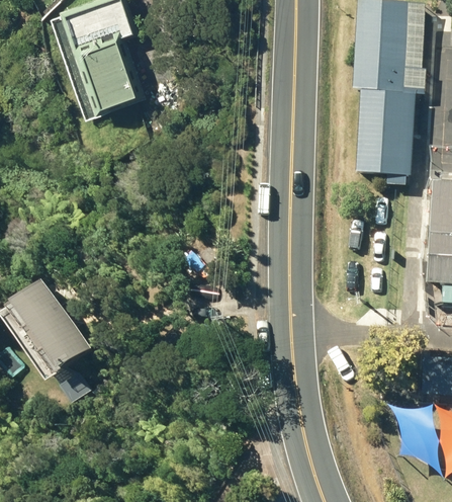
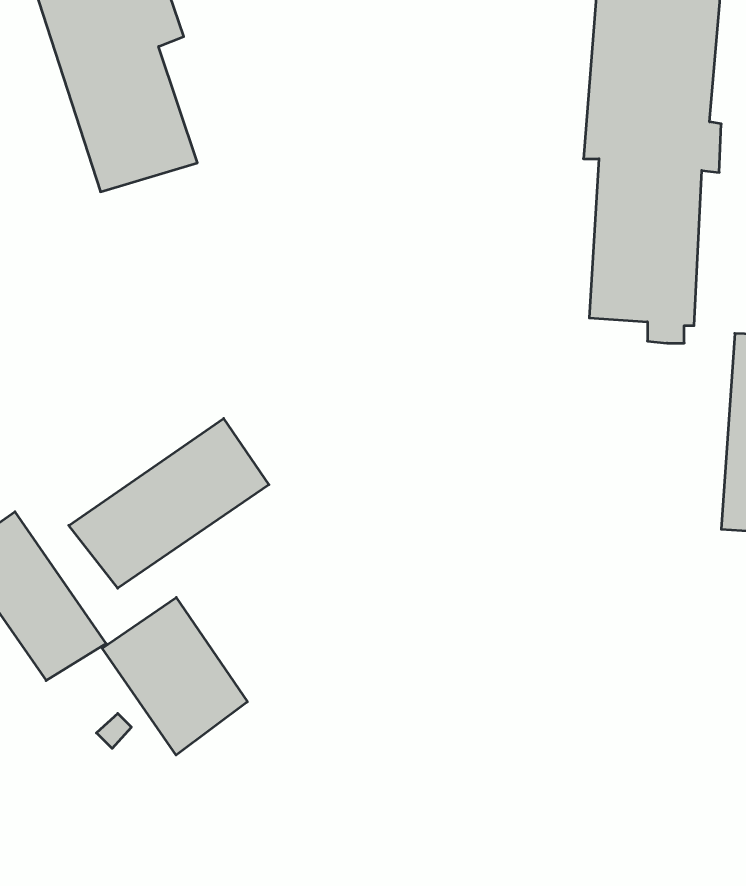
building: none -> [69,418,269,588]
building: none -> [102,597,247,755]

